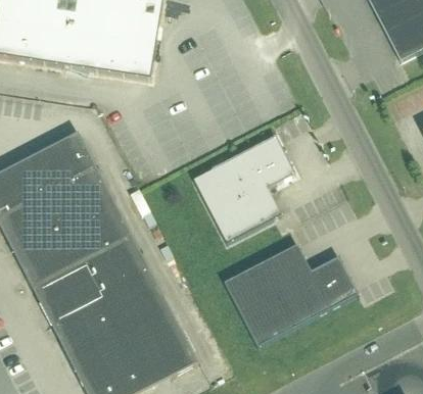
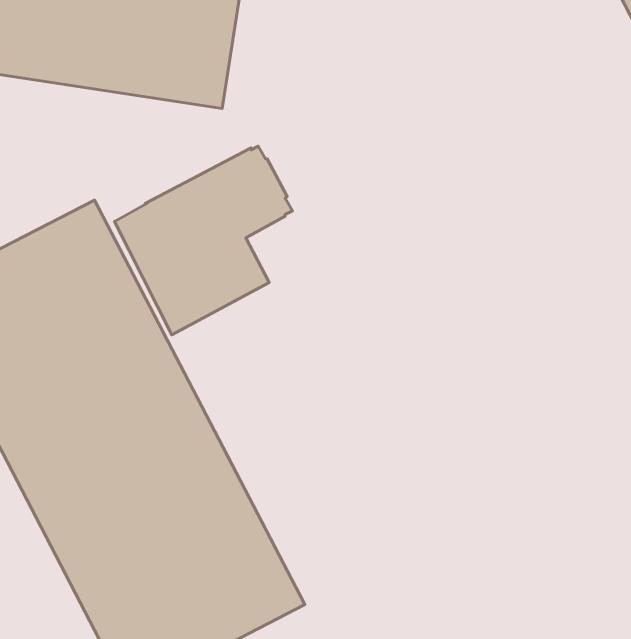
building: [193,135,294,242] -> [114,146,292,335]
building: [224,242,360,345] -> none

